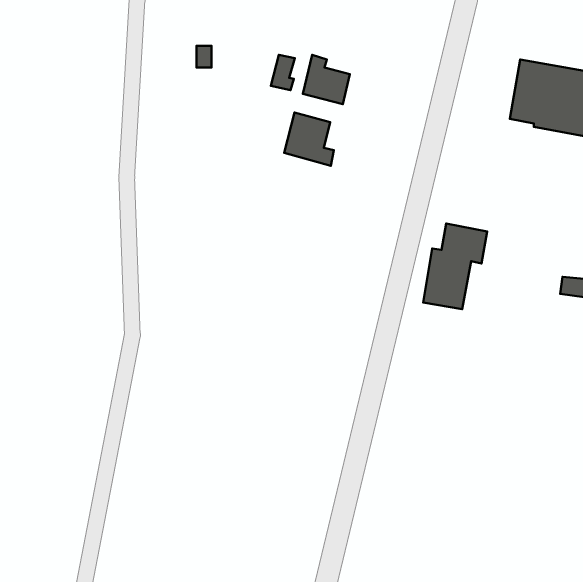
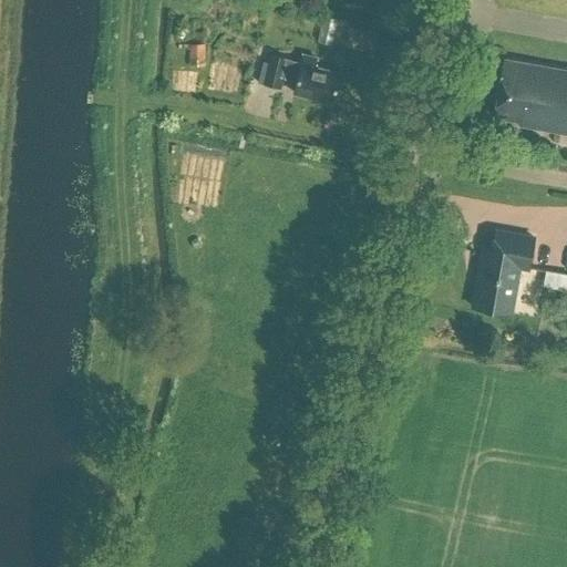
building: [284,112,334,166] -> none
building: [423,223,487,309] -> [474,231,536,315]

